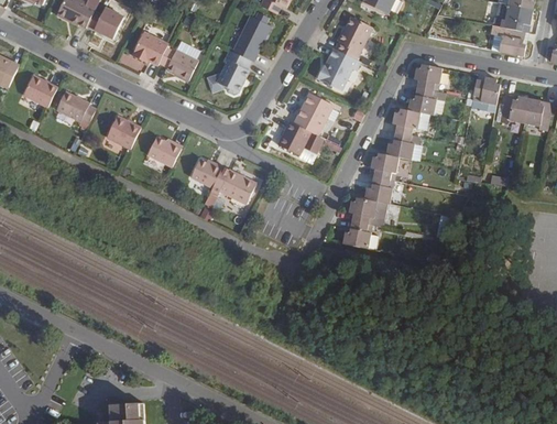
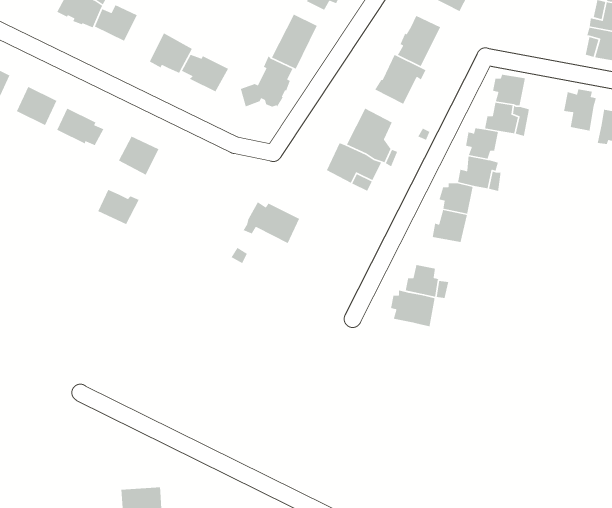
building: [146,135,182,165] -> [97,189,140,225]
building: [189,159,221,187] -> none
building: [348,196,385,227] -> [390,290,436,327]

